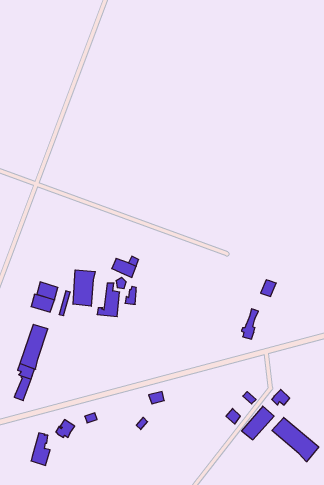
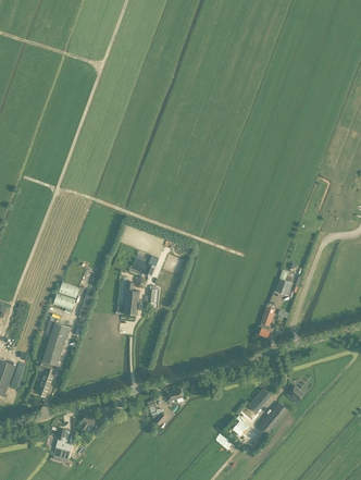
building: [73,270,95,306] -> none
building: [272,417,319,462] -> none

